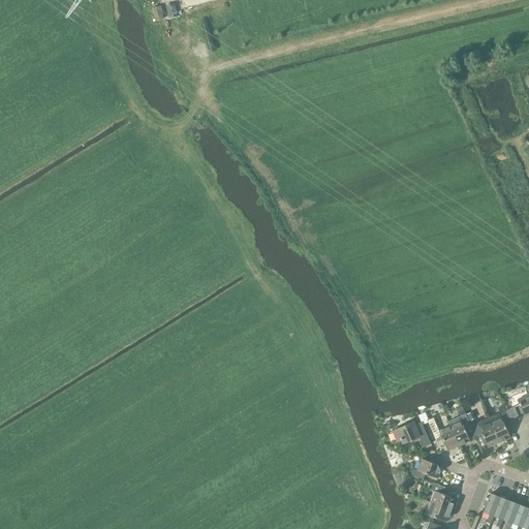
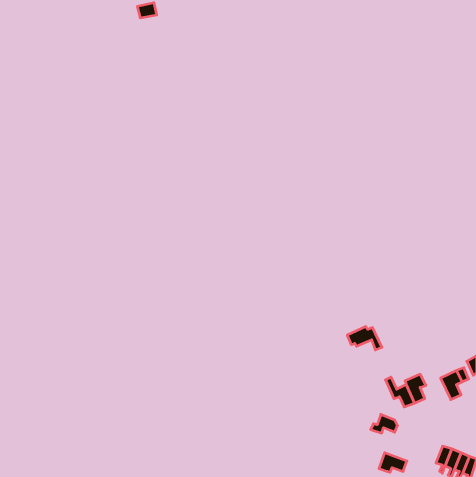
building: [472,418,500,447] -> none
building: [394,422,432,447] -> [347,327,382,350]
building: [427,484,456,510] -> none

